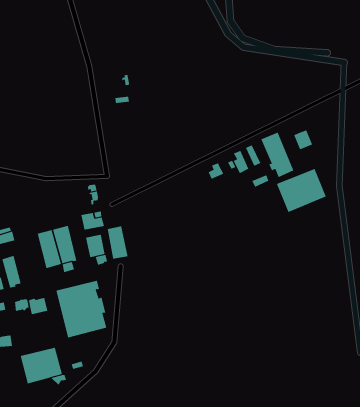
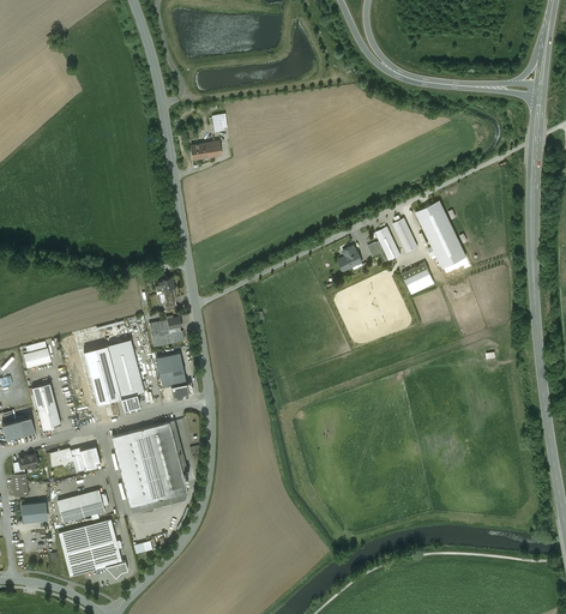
building: [294,129,313,150] -> none
building: [276,168,326,213] -> none
building: [107,226,128,260] -> none
building: none -> [58,490,103,522]

